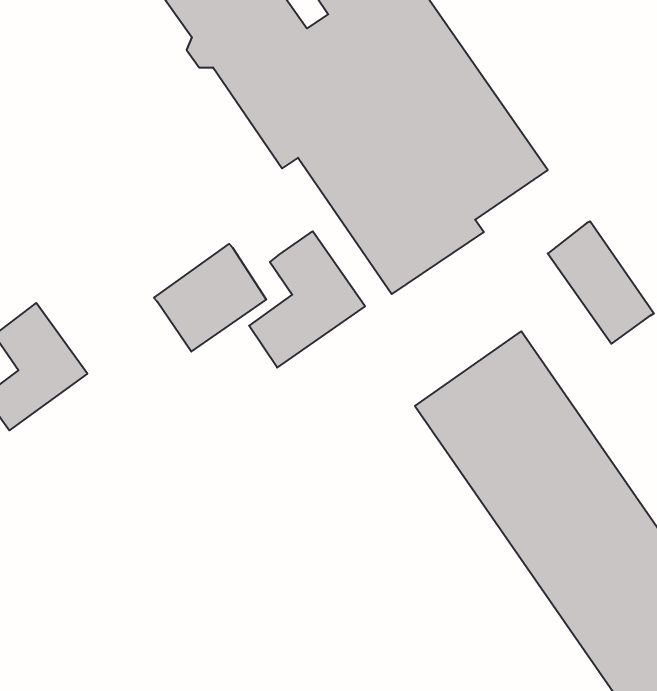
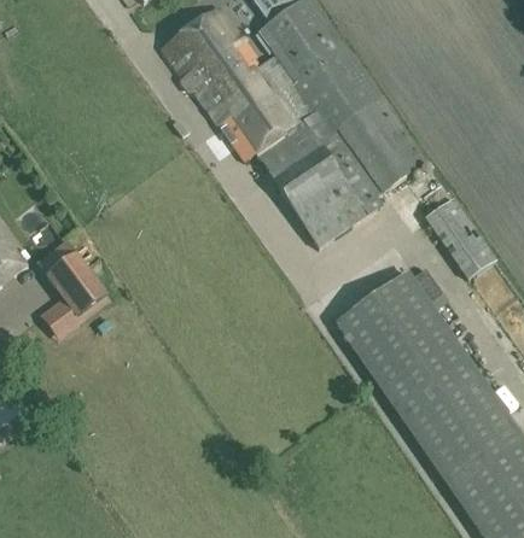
building: [249,231,365,368] -> none
building: [154,244,266,352] -> none

